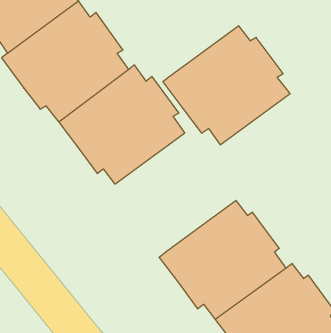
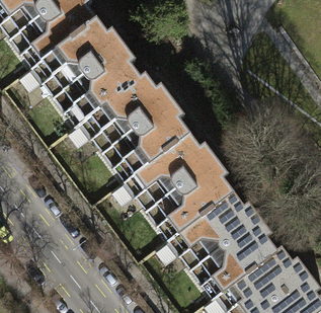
building: [163,26,290,145] -> [124,134,234,237]

